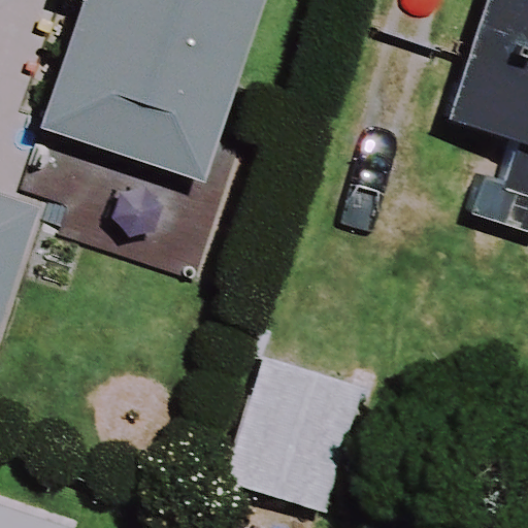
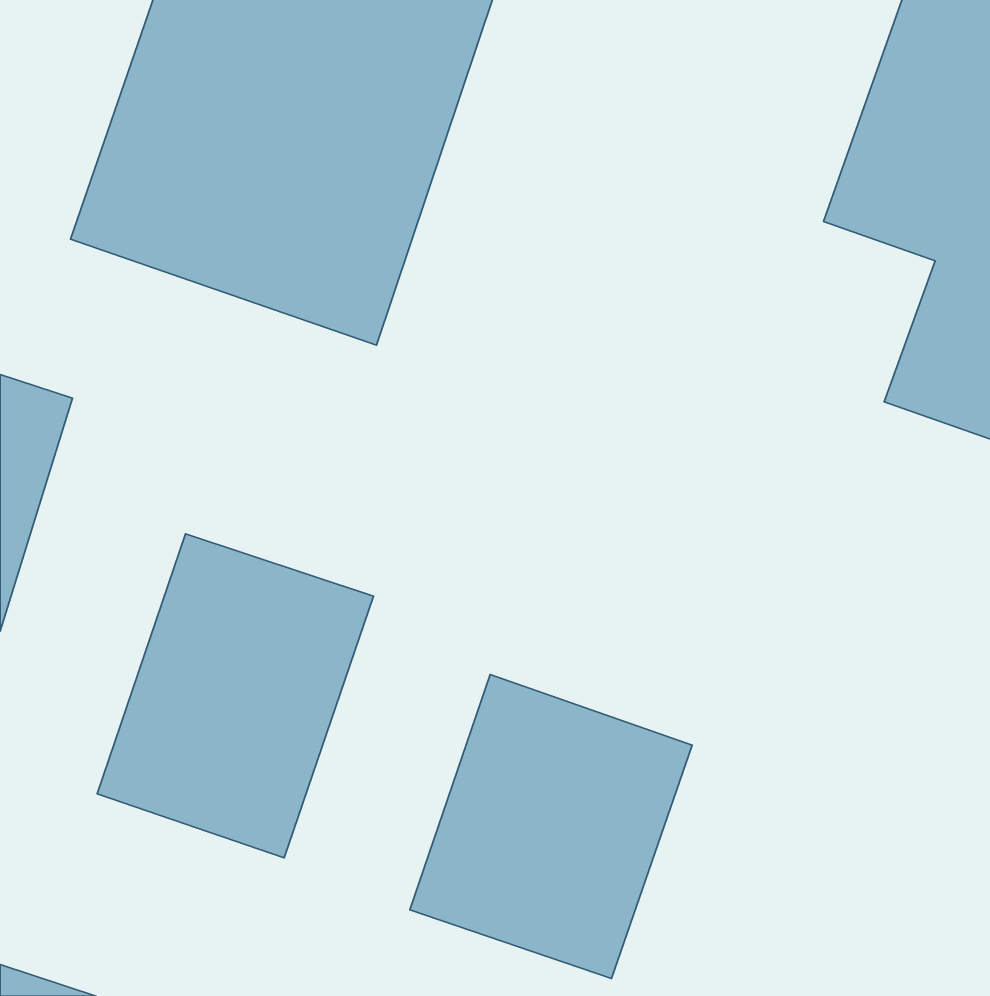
building: none -> [97,534,373,858]

